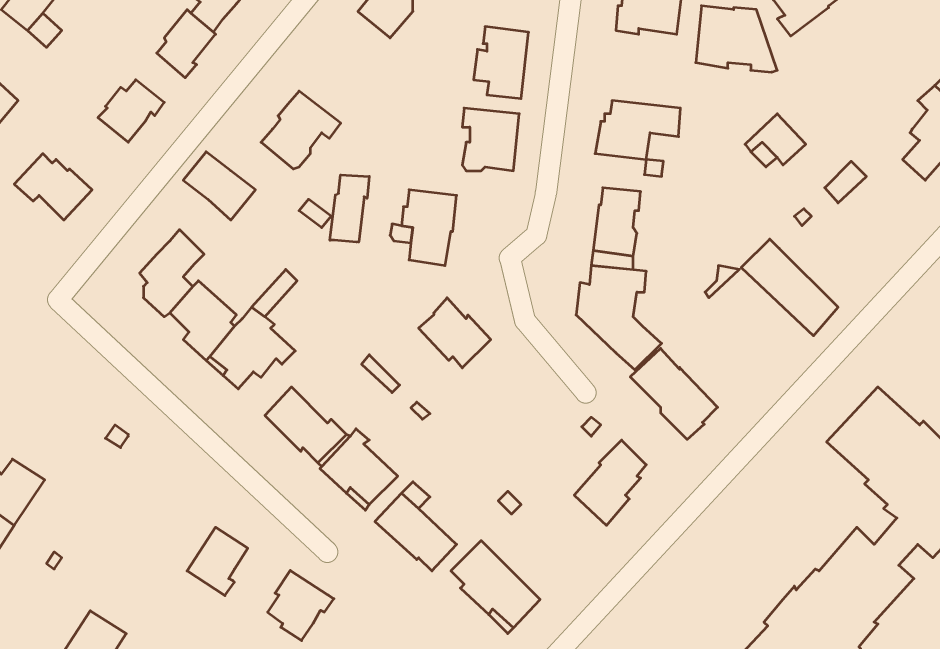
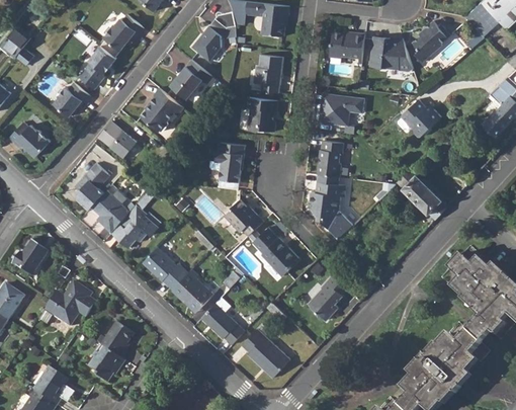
building: none -> [171,59,211,98]
building: [330,175,369,242] -> none
building: [630,348,718,439] -> [252,227,298,275]
building: none -> [13,239,49,275]
building: none -> [38,279,96,327]
building: [268,570,334,641] -> [89,344,124,382]

